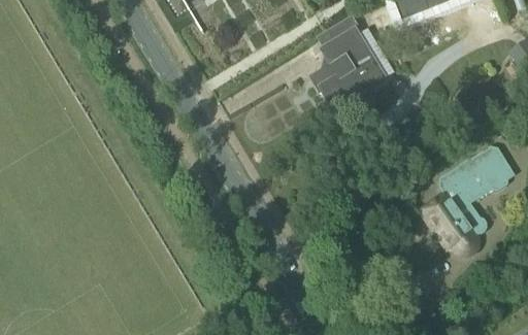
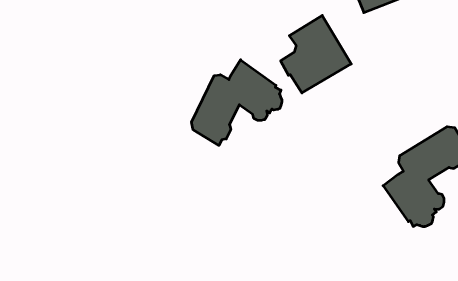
building: none -> [192,60,282,145]

